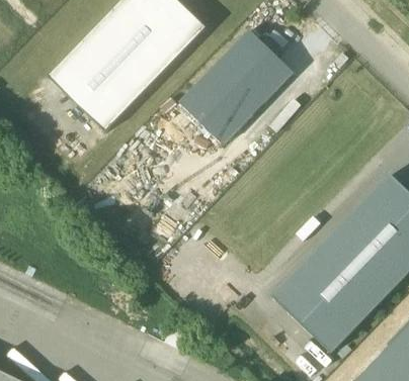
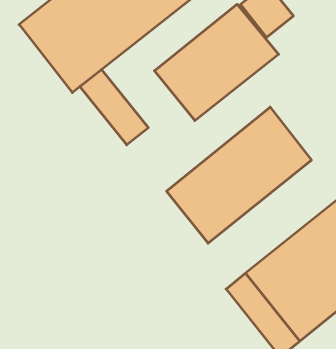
building: none -> [80,69,148,145]
building: none -> [167,107,311,243]

